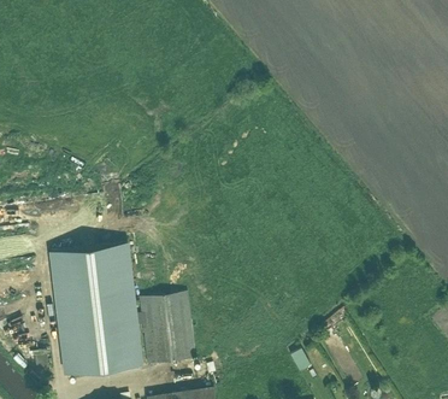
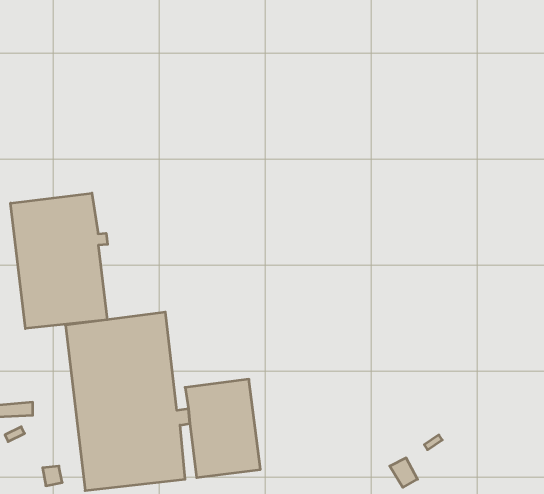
building: none -> [11,193,108,329]

